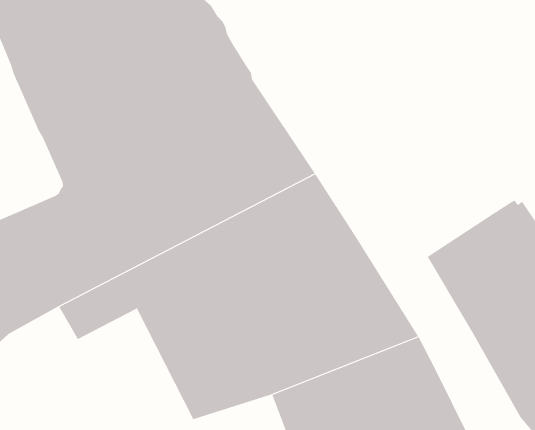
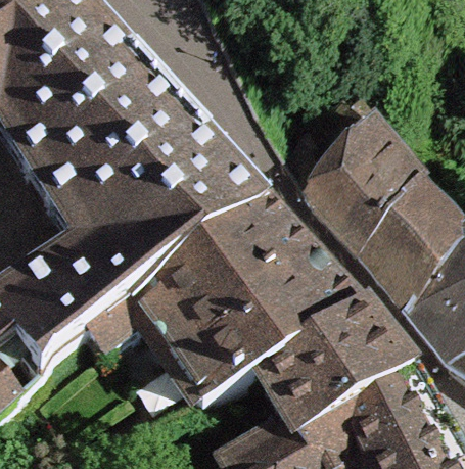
building: none -> [286,100,418,246]

